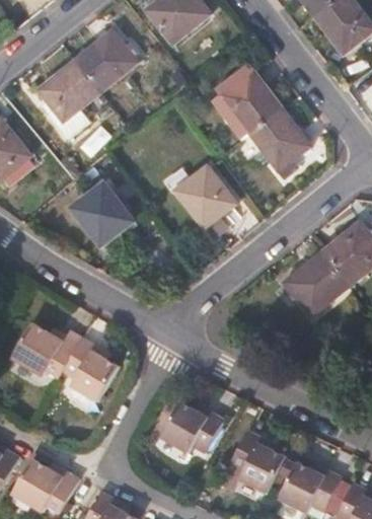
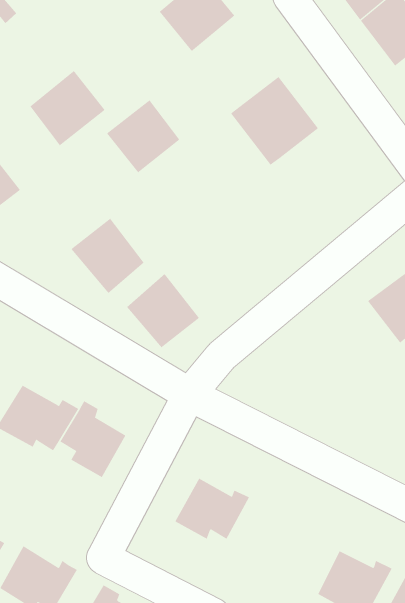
building: [76,30,138,92] -> [106,100,180,173]
building: [248,107,310,171] -> none
building: [182,171,244,234] -> [126,273,200,348]
building: [284,252,349,317] -> none
building: [230,428,287,492] -> none

